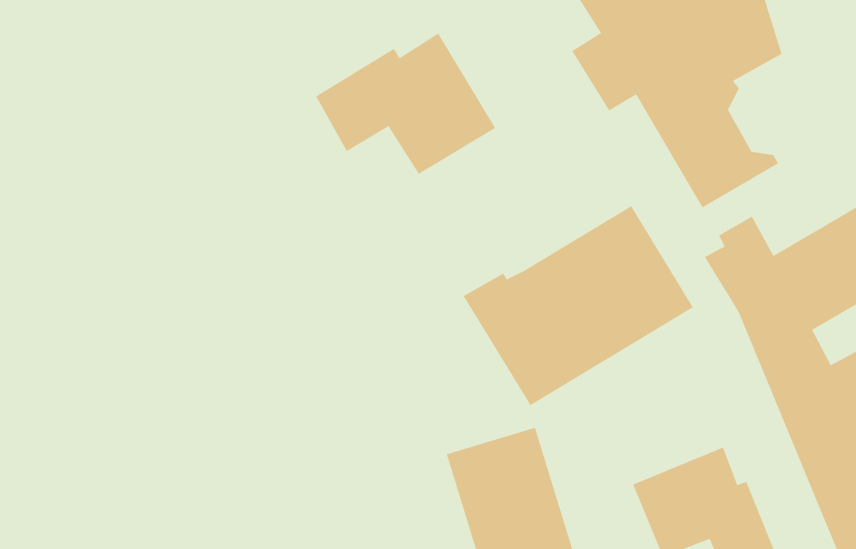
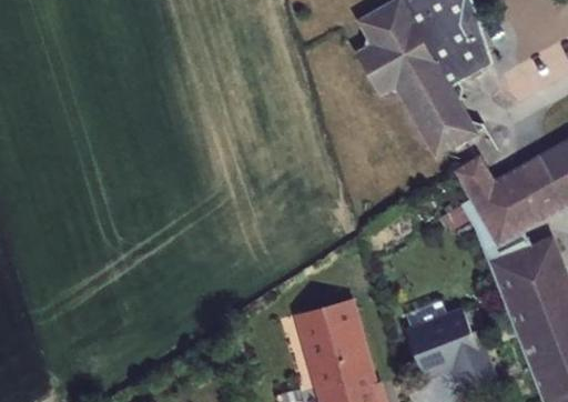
building: [315,32,496,175] -> none
building: [463,205,694,406] -> none

